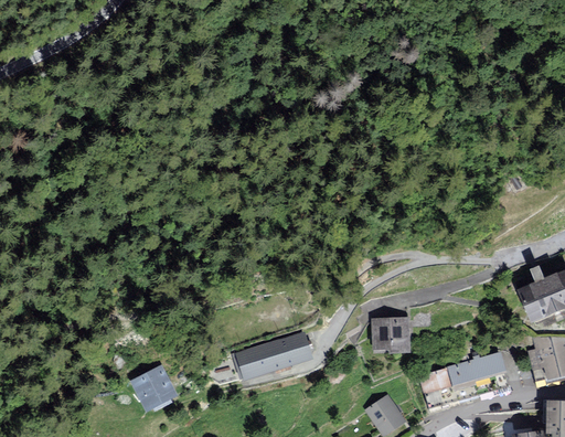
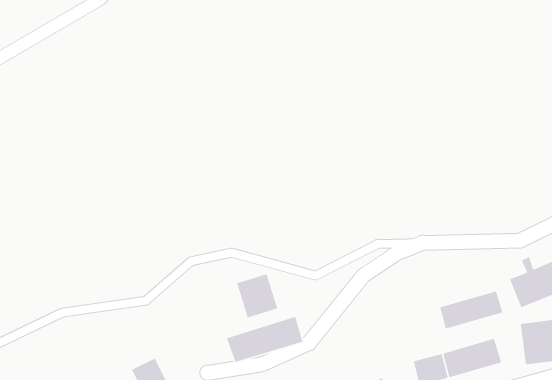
building: none -> [236,273,278,318]
building: none -> [439,291,503,329]
building: [374,316,412,351] -> none

